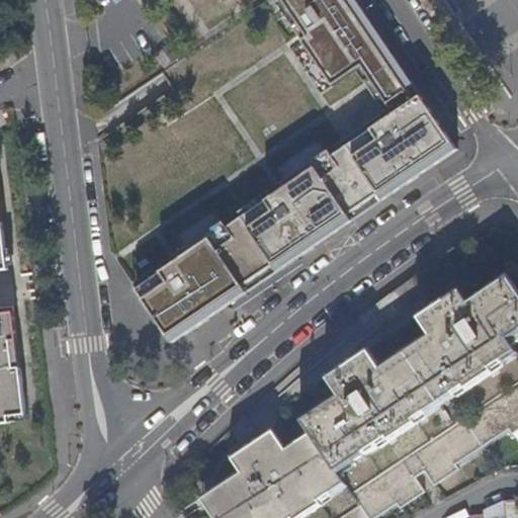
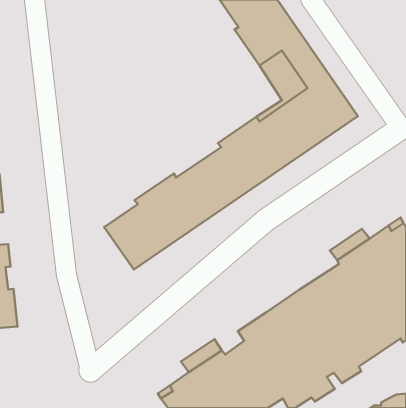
building: [325,350,378,395] -> none

